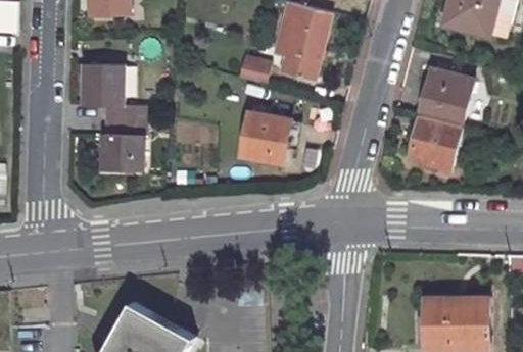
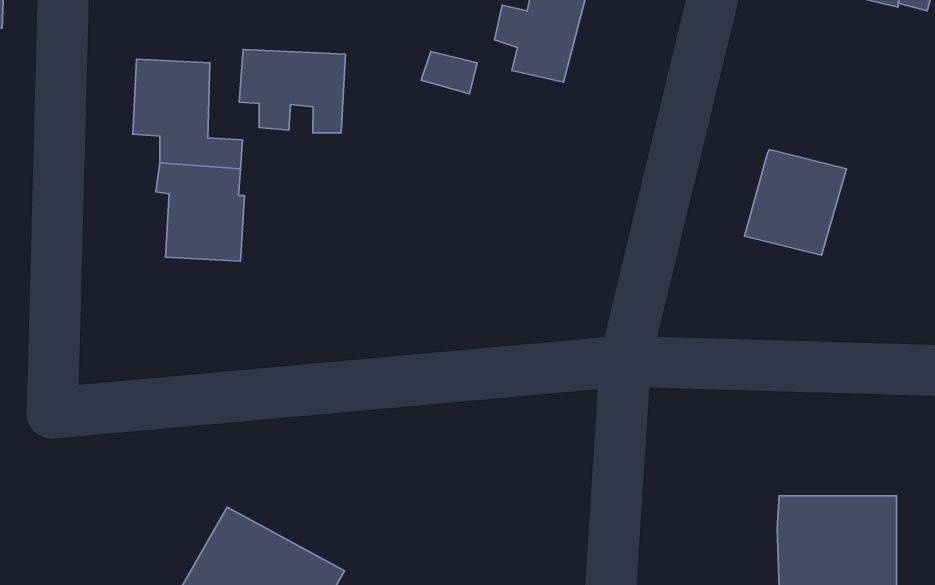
building: none -> [239,50,345,133]
building: [420,69,472,123] -> none
building: [239,112,296,166] -> none

